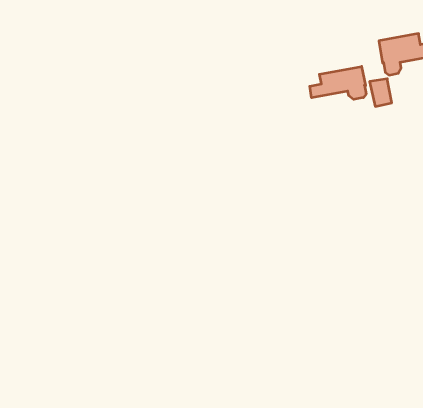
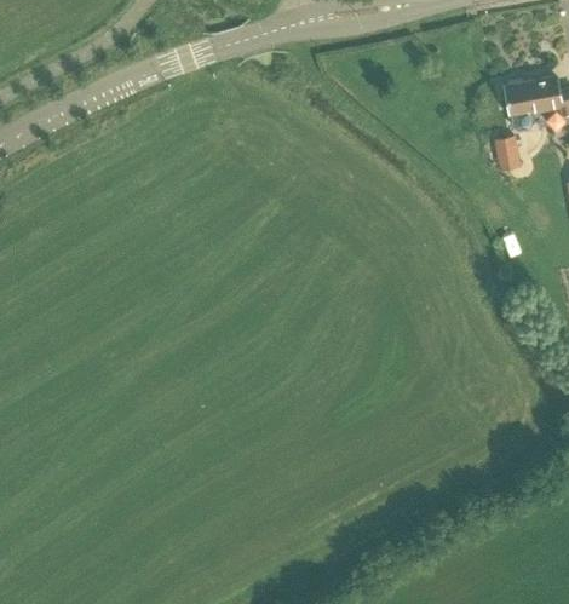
building: [310,66,366,99] -> none

